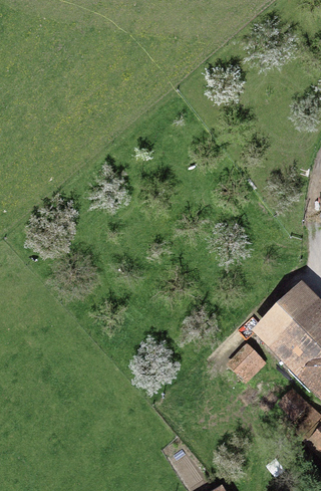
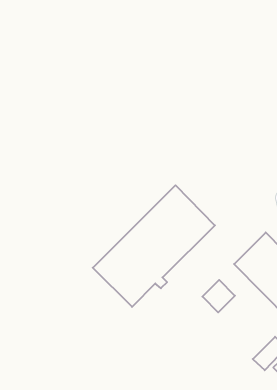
building: none -> [93,185,215,307]

